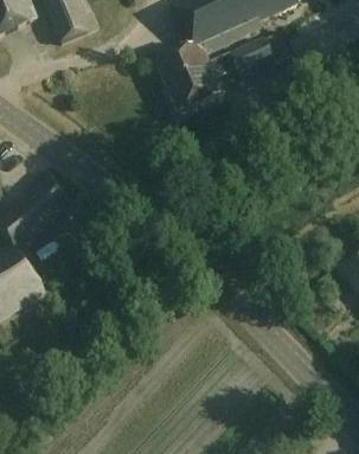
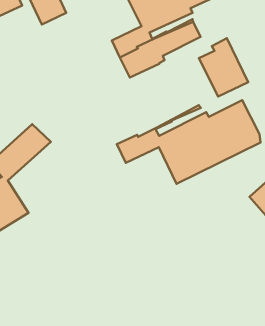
building: none -> [199,38,248,97]
building: none -> [117,100,260,184]

